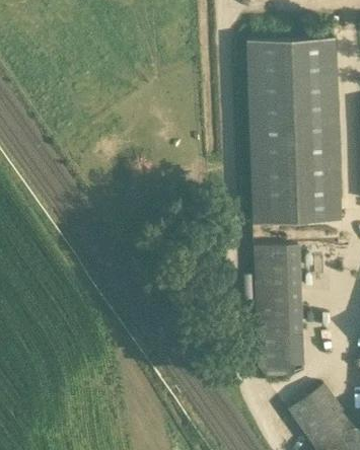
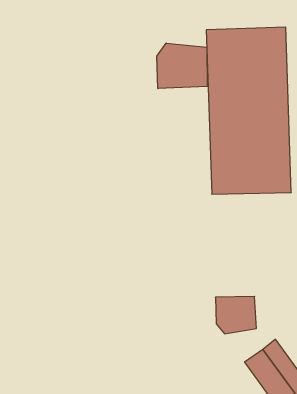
building: none -> [157,43,207,89]
building: [254,243,300,335] -> none

